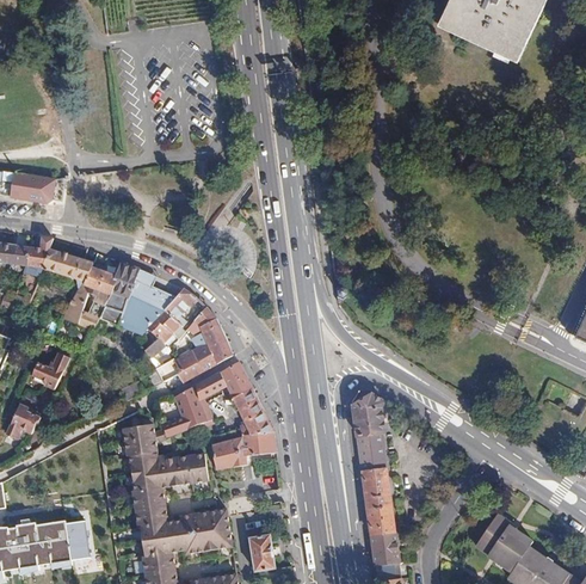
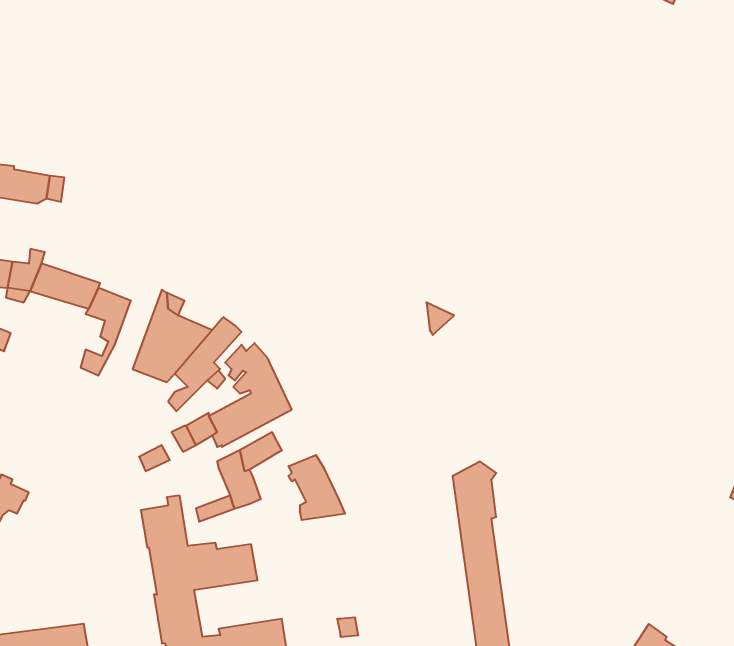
building: [91,259,137,333] -> none
building: [61,284,88,324] -> none
building: [31,351,70,387] -> none
building: [218,361,251,396] -> none
building: [209,430,276,469] -> none

